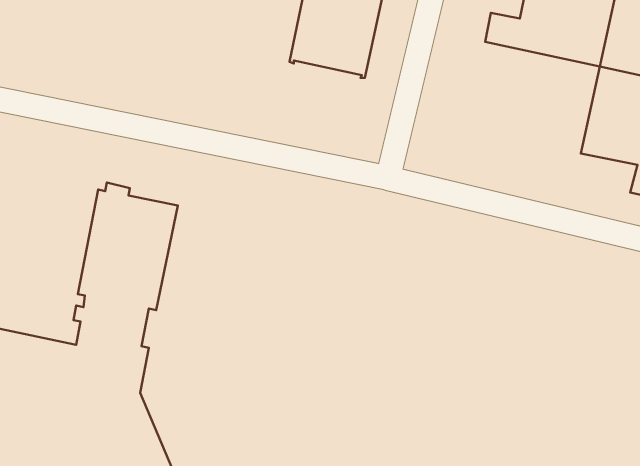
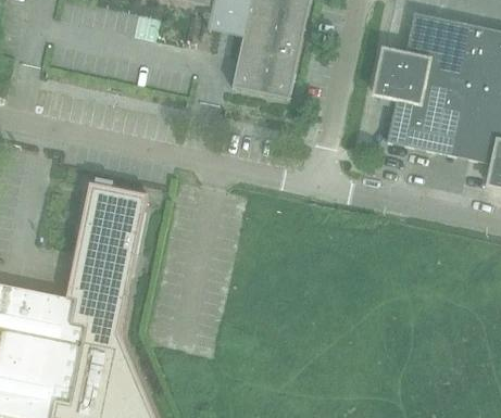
building: none -> [374,72,464,155]

